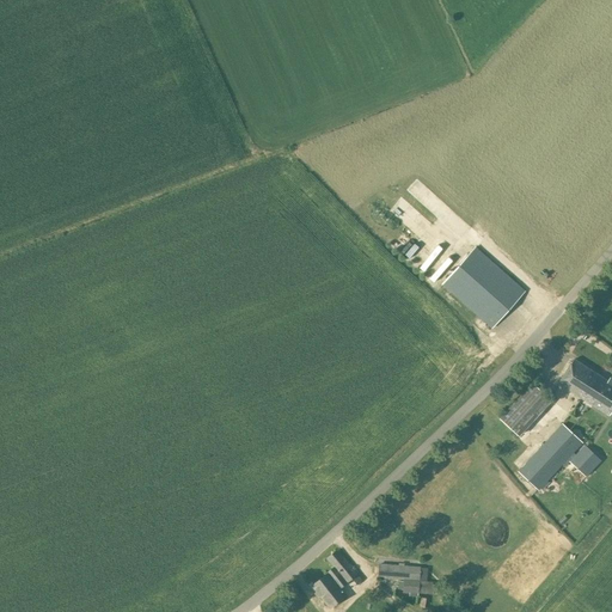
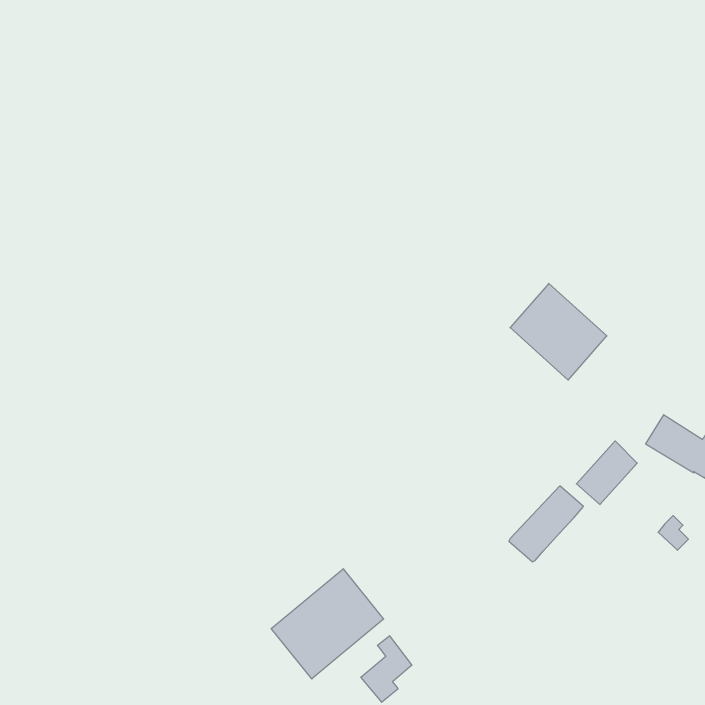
building: [519,423,583,489] -> [509,486,583,562]
building: none -> [271,569,384,679]
building: [379,563,434,595] -> none

